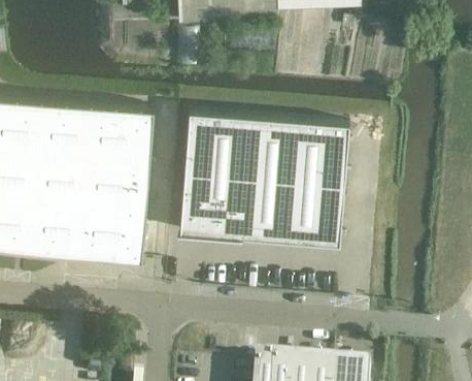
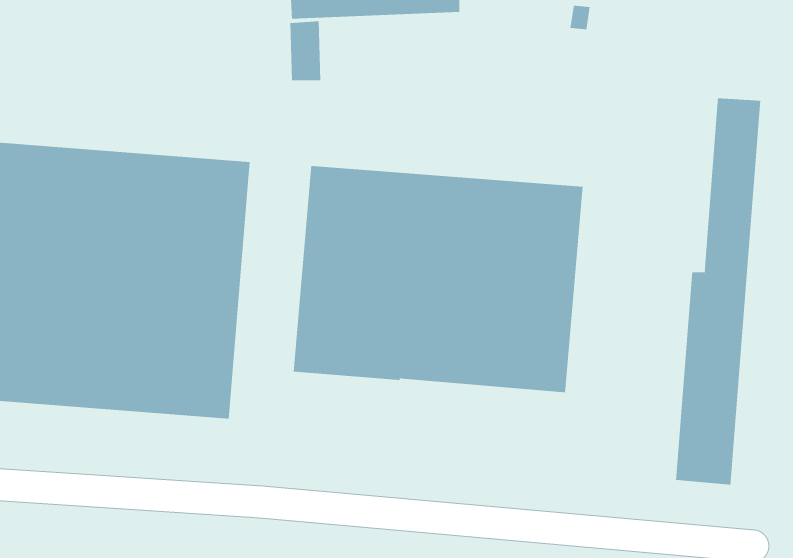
building: none -> [676,98,761,486]

